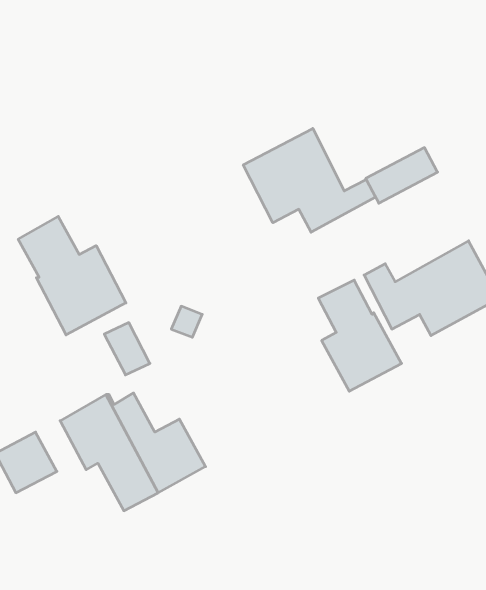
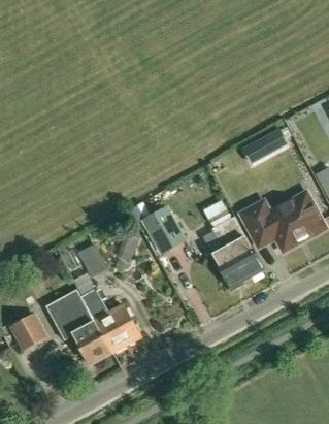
building: [243,128,375,232] -> none
building: [18,216,126,335] -> none
building: none -> [142,207,185,253]

